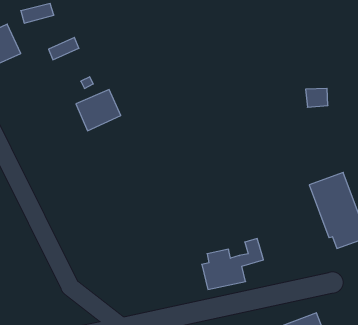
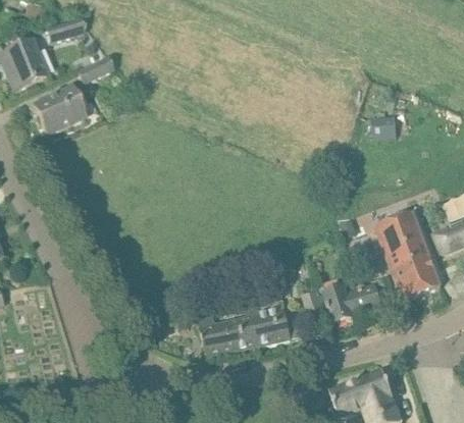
building: [76,90,121,131] -> [33,86,84,133]
building: none -> [323,284,381,322]
building: none -> [199,293,260,357]

